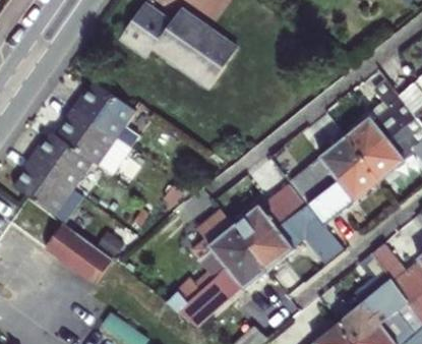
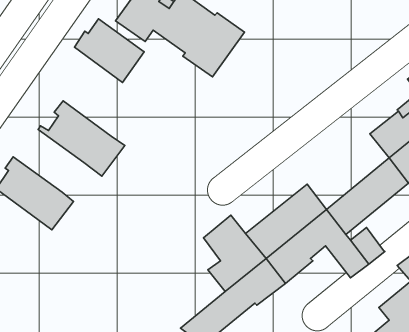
building: [73,81,135,138] -> [74,19,144,83]
building: [28,132,92,188] -> none
building: [291,136,364,204] -> none
building: [43,221,111,284] -> none

